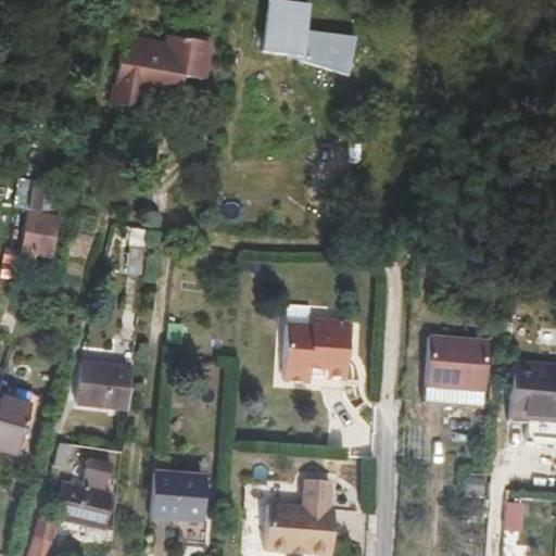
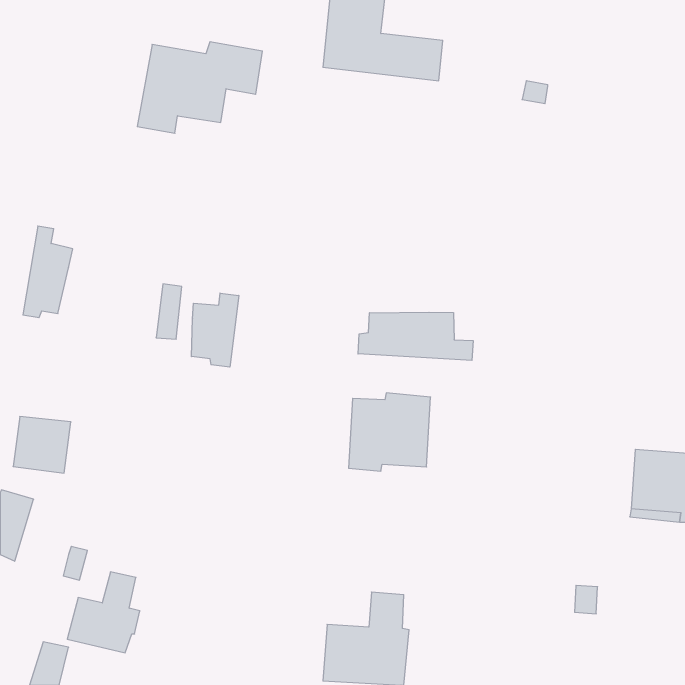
building: none -> [191,293,239,367]
building: none -> [358,312,473,360]
building: [426,334,490,405] -> none
building: [87,364,134,409] -> [13,417,71,473]
building: [150,472,203,522] -> none

